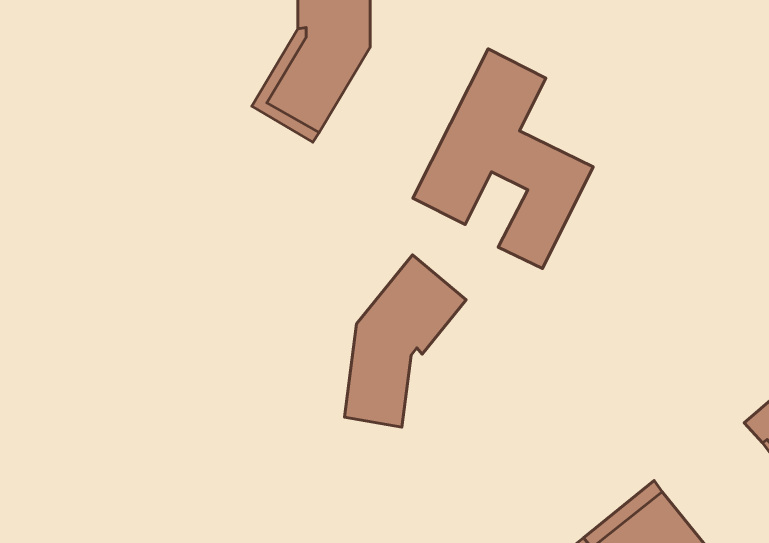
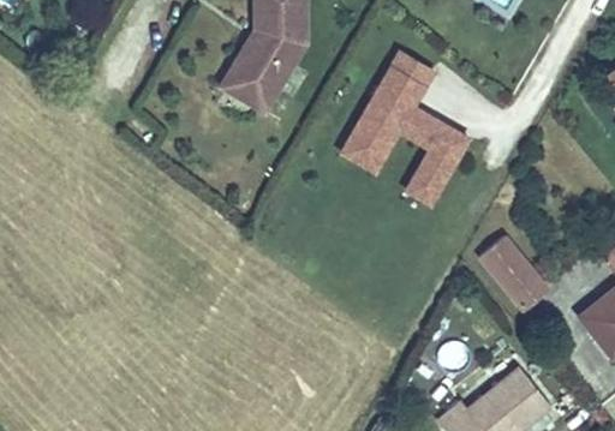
building: [344,255,466,427] -> none
building: none -> [482,238,548,309]

